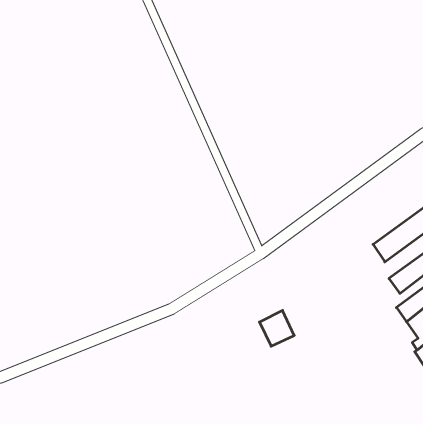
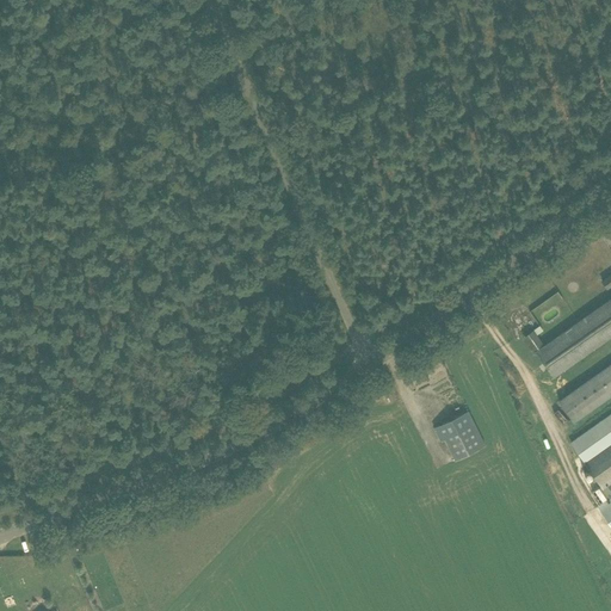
building: [259,310,294,346] -> [437,409,487,461]

